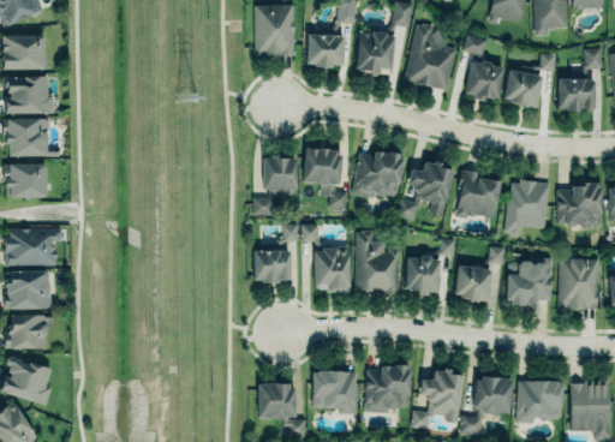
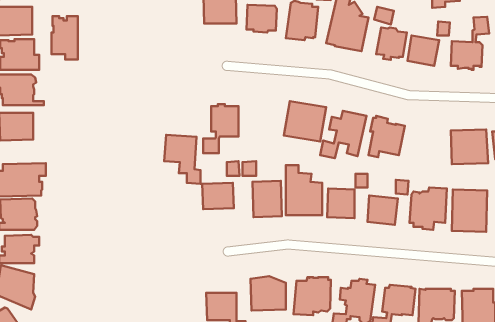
building: none -> [52,16,78,60]
building: [303,149,347,209] -> [164,135,201,184]
building: [506,179,550,234] -> none

